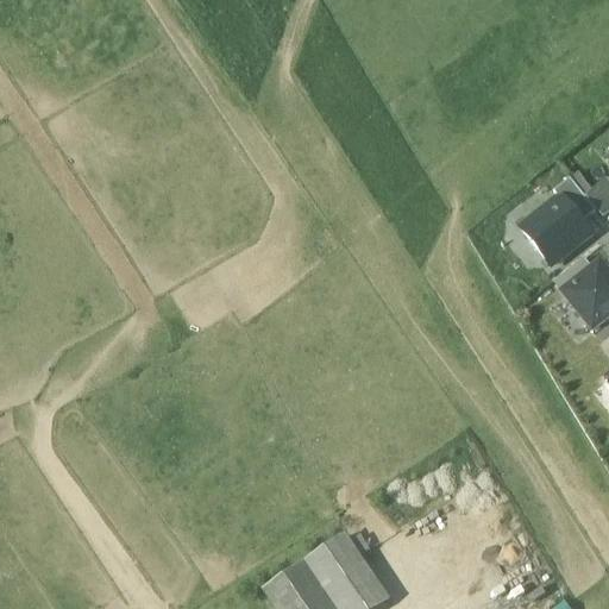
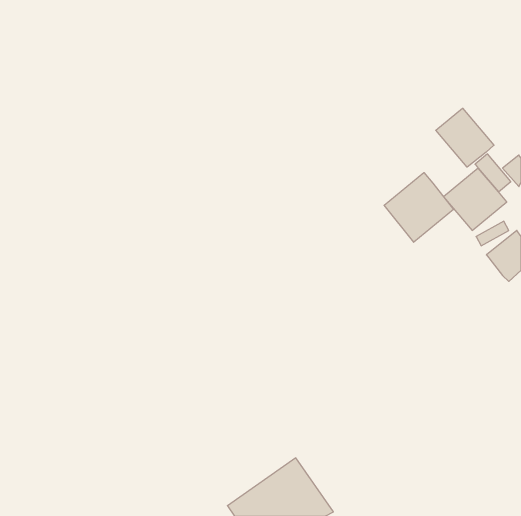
building: none -> [436,108,494,167]
building: none -> [384,173,453,242]

